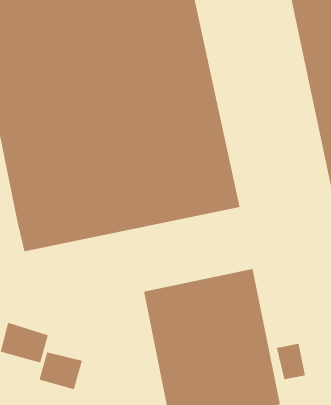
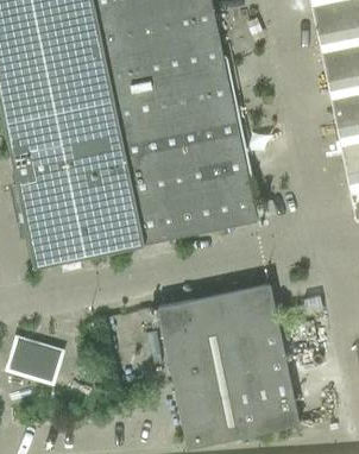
building: [276,343,306,380] -> none
building: [39,352,83,390] -> none

